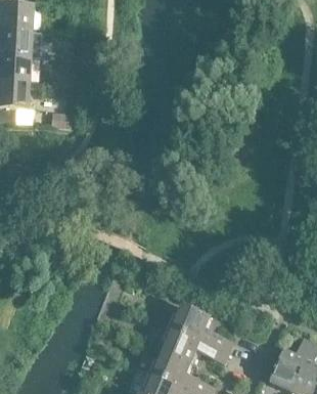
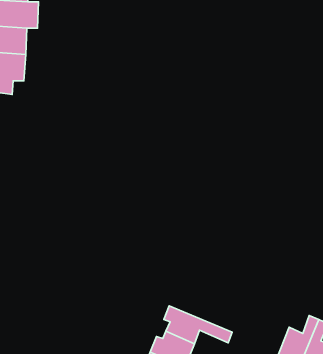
building: [166,305,232,353] -> none

